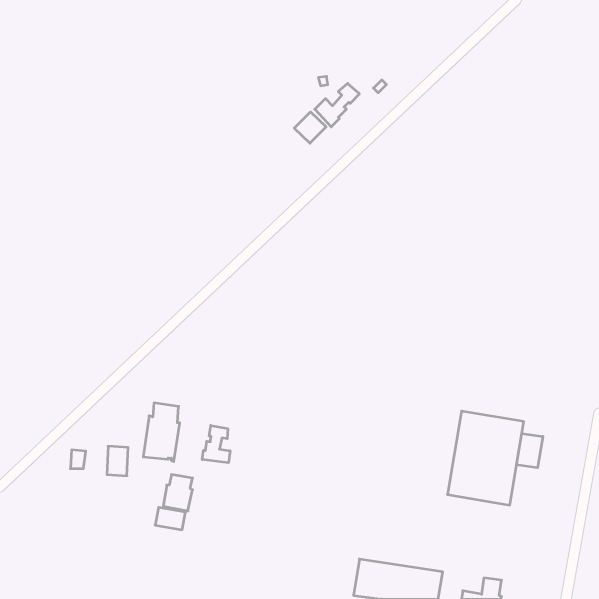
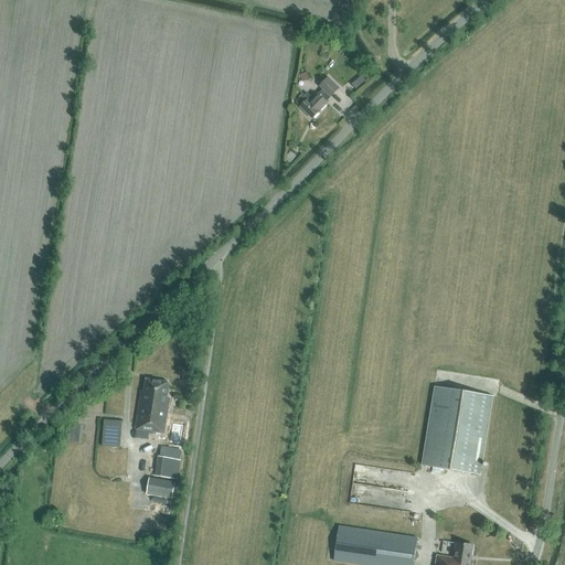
building: [294,112,326,143] -> none
building: [202,425,230,463] -> none
building: [517,433,543,468] -> none

